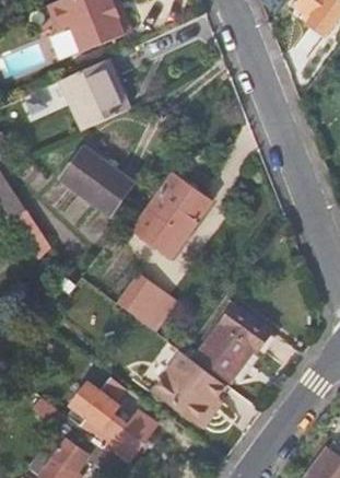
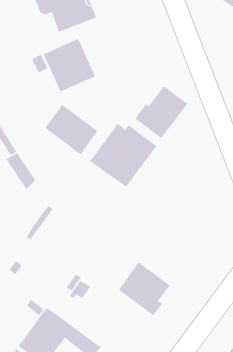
building: none -> [134,86,188,139]
building: [114,271,175,329] -> none
building: [197,301,272,377] -> none
building: [81,410,159,462] -> none

